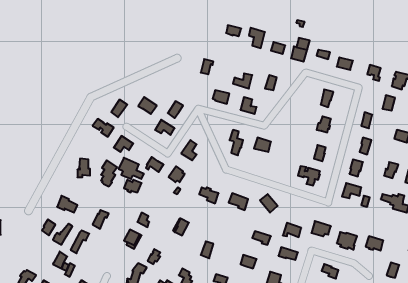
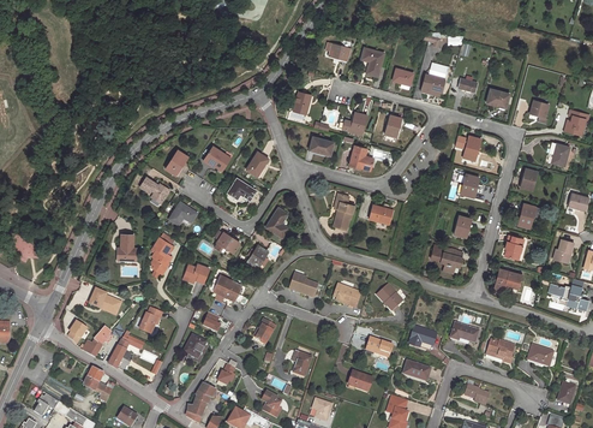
building: [119,158,144,179] -> [212,274,248,304]

